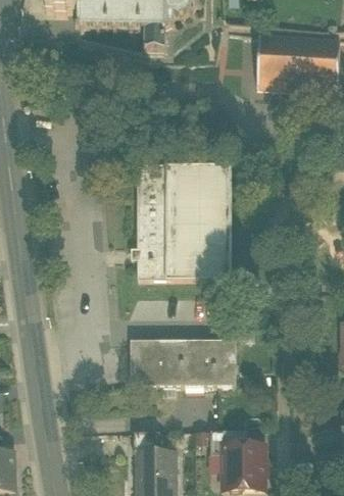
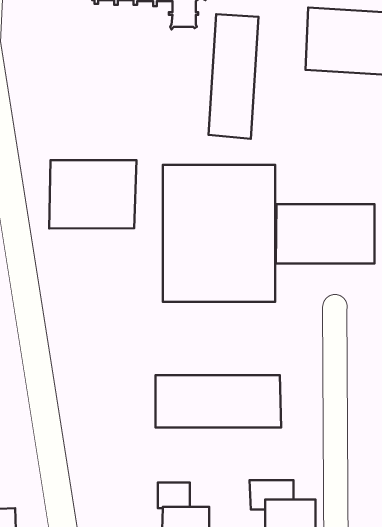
building: none -> [209,14,259,139]
building: none -> [49,160,136,228]
building: none -> [276,204,375,263]

